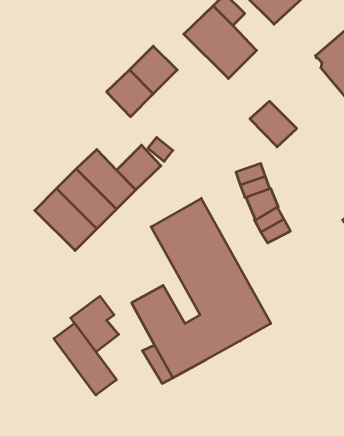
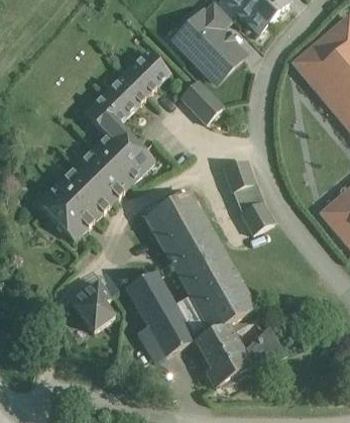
building: none -> [85,93,136,166]
building: [250,101,297,147] -> [181,80,224,122]
building: [54,323,116,395] -> none
building: none -> [197,324,282,388]

